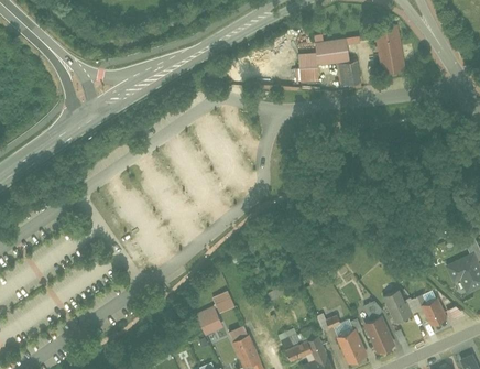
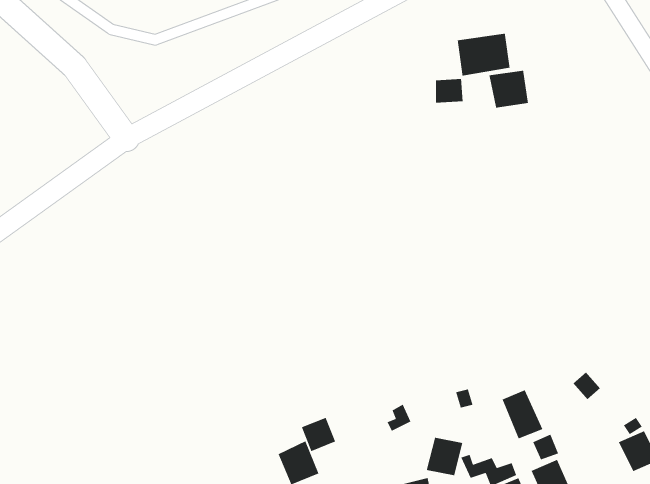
building: [374,28,404,73] -> none
building: [382,289,410,322] -> [502,389,543,439]
building: none -> [426,437,463,476]

